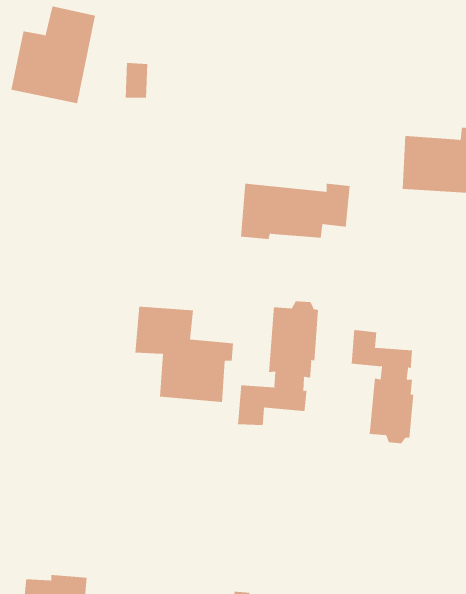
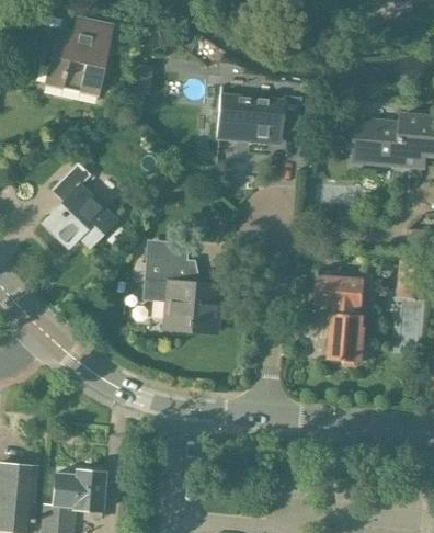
building: [240,183,351,240] -> [215,95,302,140]
building: none -> [42,161,114,247]
building: [237,301,319,426] -> none

